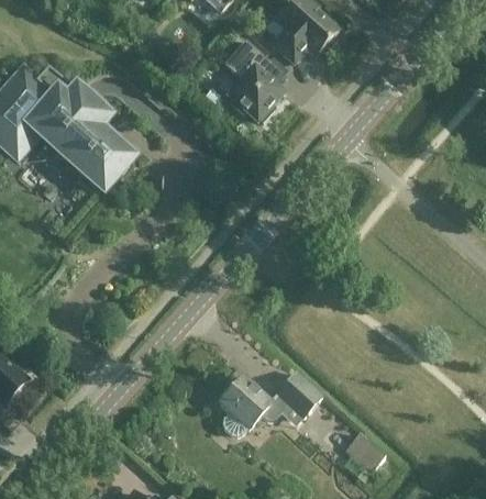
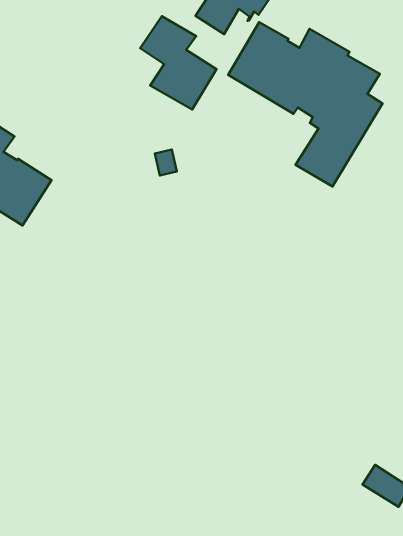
building: none -> [228,22,382,186]
building: [222,375,322,435] -> none

